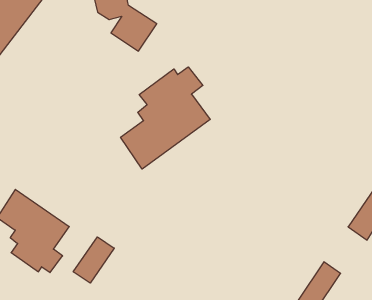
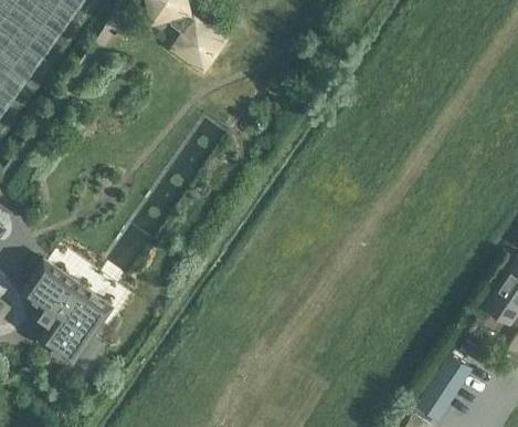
building: [121,67,210,169] -> none
building: [73,237,114,283] -> none

